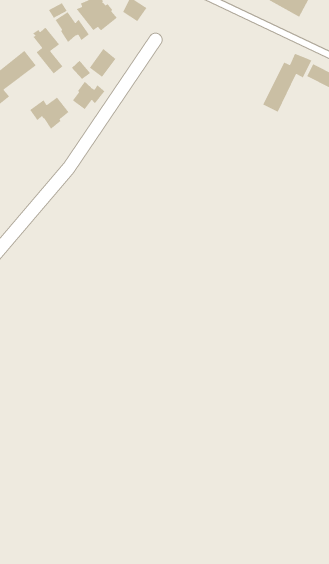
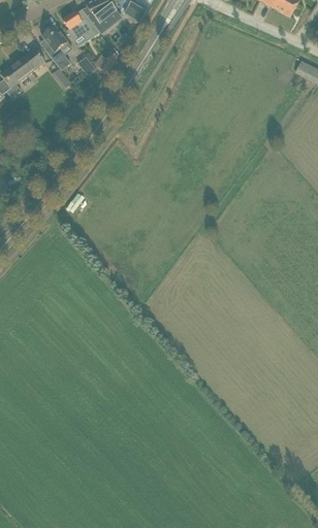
building: [262,53,312,113] -> none
building: [72,81,106,110] -> none
building: [29,96,70,130] -> none

